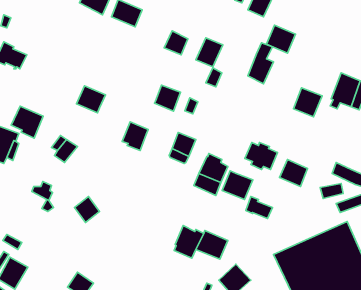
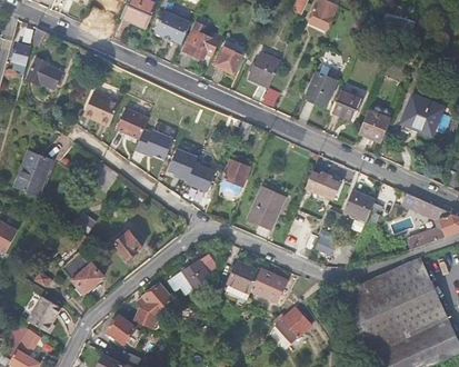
building: none -> [183,22,220,59]
building: [267,25,295,53] -> [331,89,363,120]
building: [155,85,180,111] -> [187,161,216,190]
building: [11,106,43,138] -> [83,90,119,126]
building: none -> [134,131,172,159]
building: [222,171,253,199] -> none
building: none -> [63,252,104,294]
building: none -> [170,252,219,292]
building: none -> [133,282,173,329]

